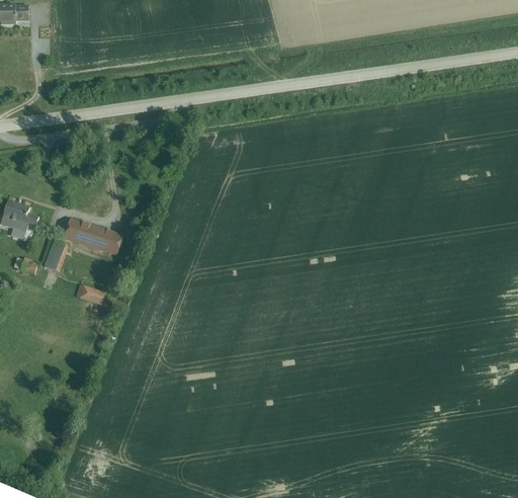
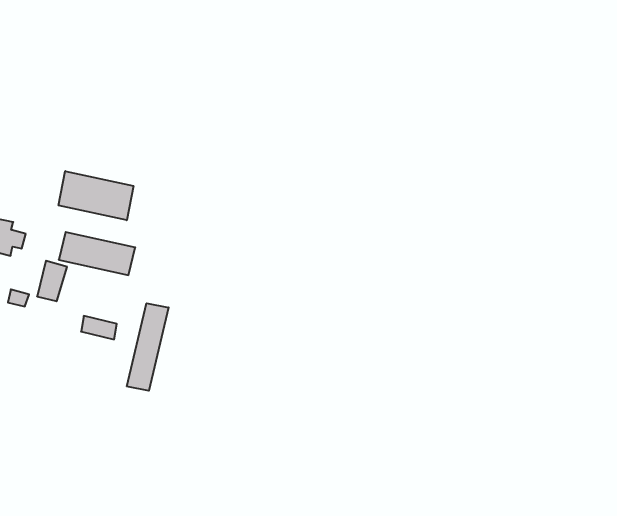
building: none -> [59,171,133,220]
building: none -> [127,303,169,391]

